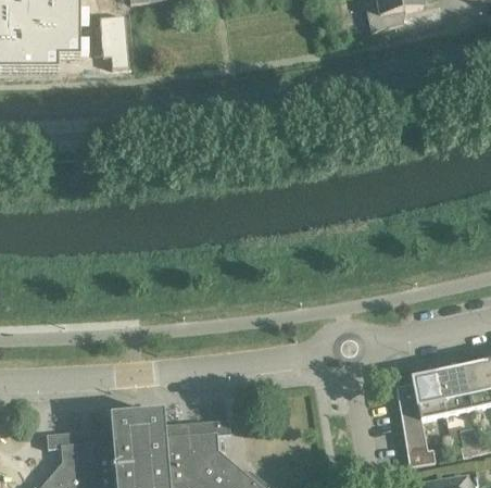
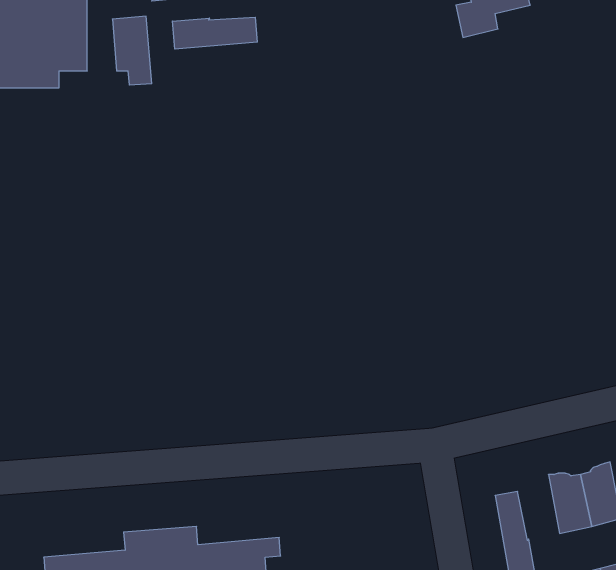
building: none -> [172,17,257,49]
building: [412,371,445,422] -> none

